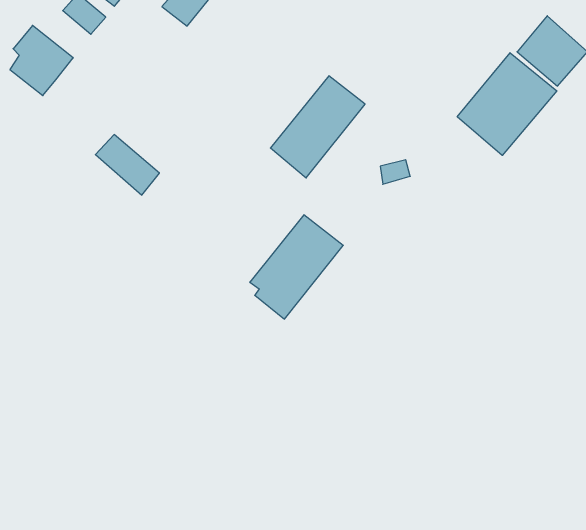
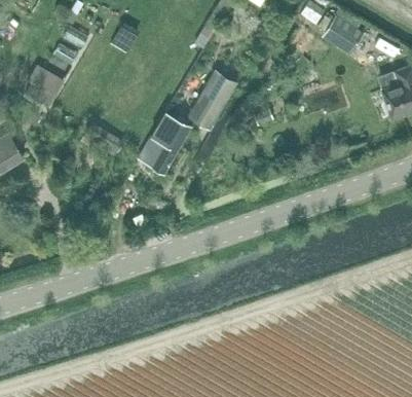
building: [457,53,557,155] -> none
building: [250,215,343,319] -> [140,112,191,175]

